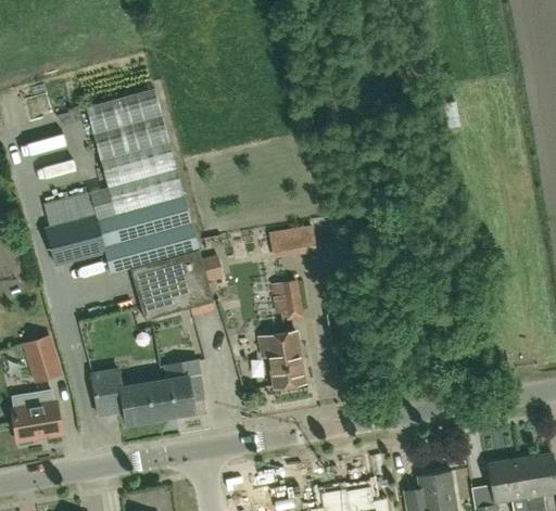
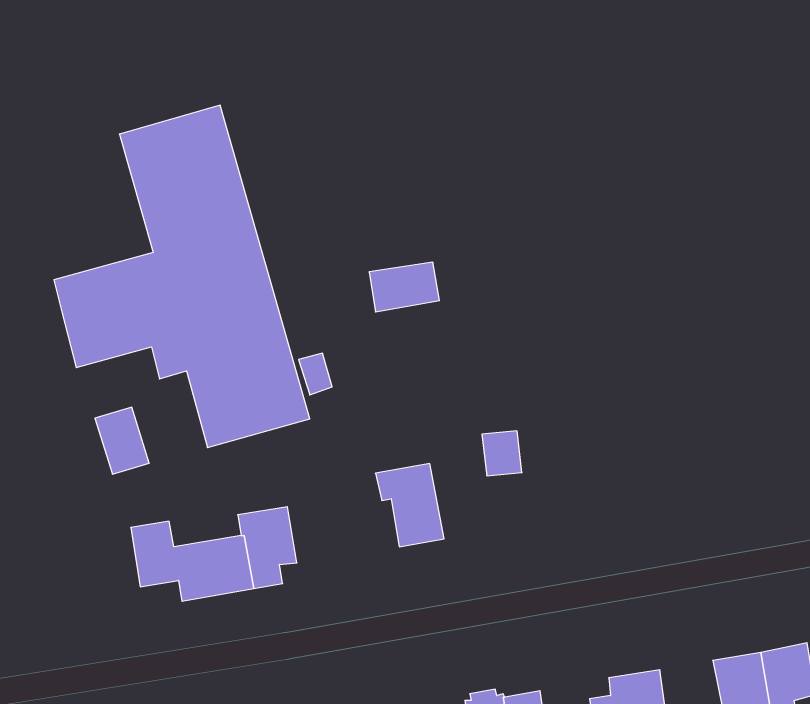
building: [273,227,320,260] -> [369,262,439,312]
building: [274,280,301,310] -> [482,431,522,476]
building: [24,336,61,382] -> [95,407,149,474]
building: [13,400,62,442] -> none

